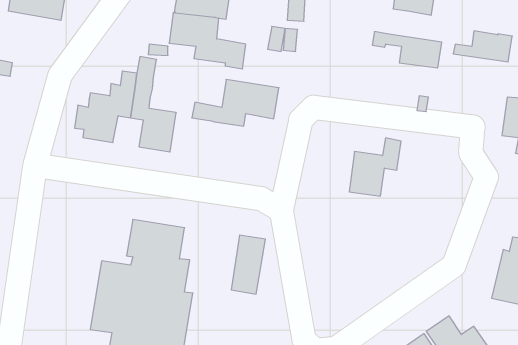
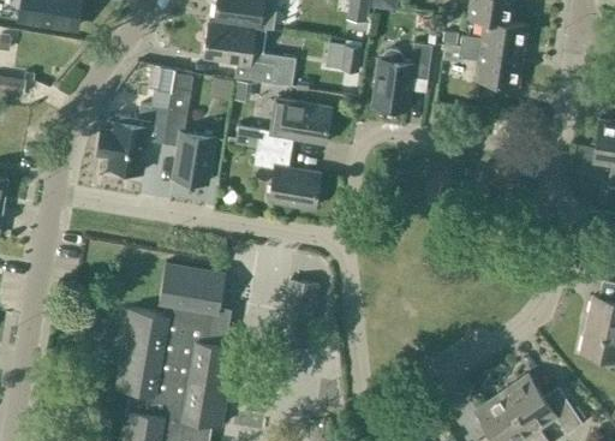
building: [453,31,512,62] -> [459,20,527,56]
building: none -> [256,149,323,210]
building: [349,138,401,196] -> [371,43,431,111]

